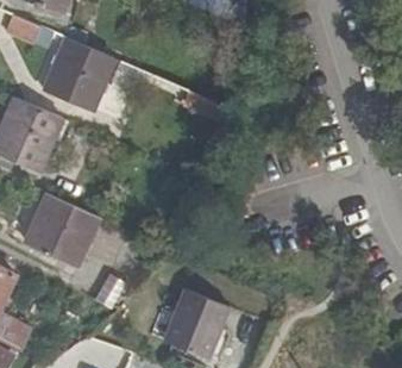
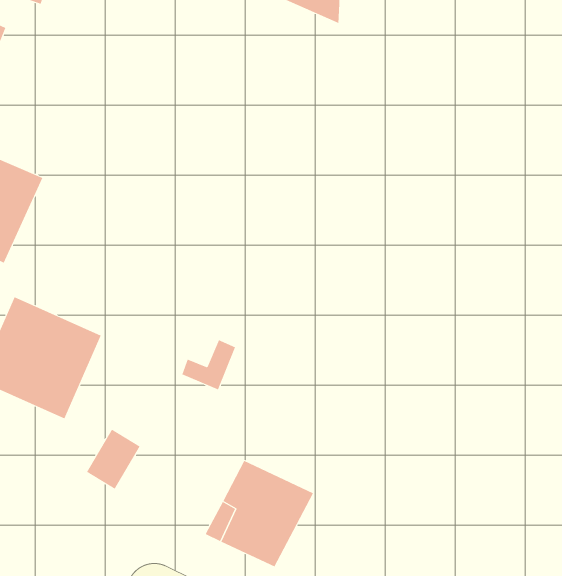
building: [43,38,117,112] -> none

